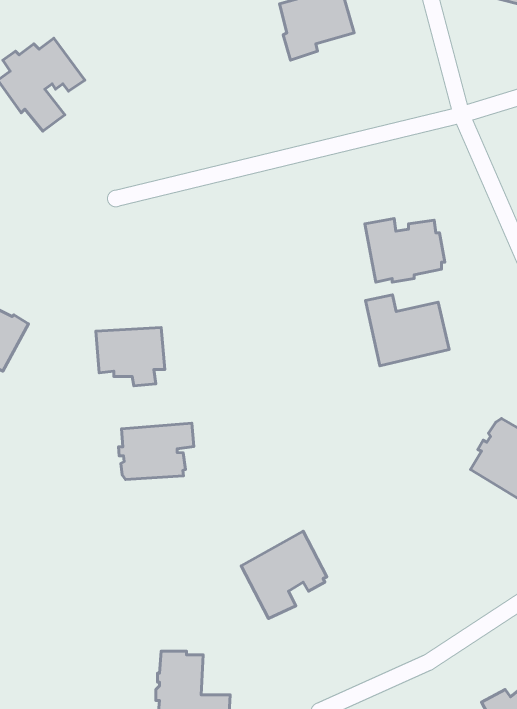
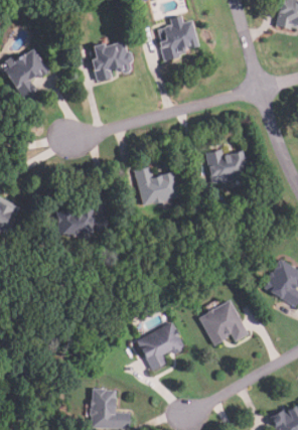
building: none -> [91,41,134,82]
building: [365,295,449,366] -> [134,167,180,206]
building: [118,423,194,479] -> none
building: none -> [198,301,250,346]

